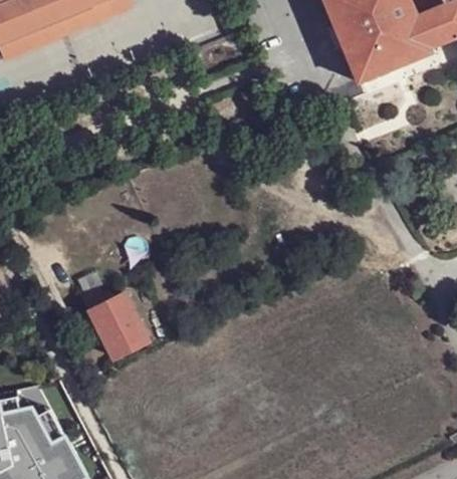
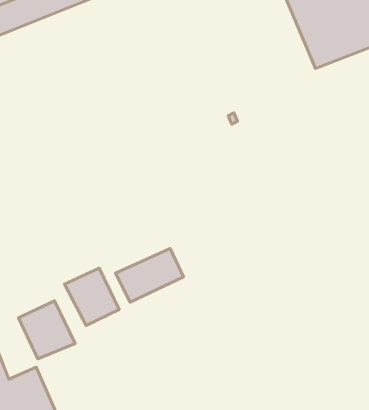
building: none -> [116,248,183,302]
building: none -> [19,301,75,359]

